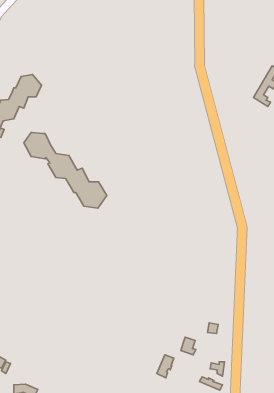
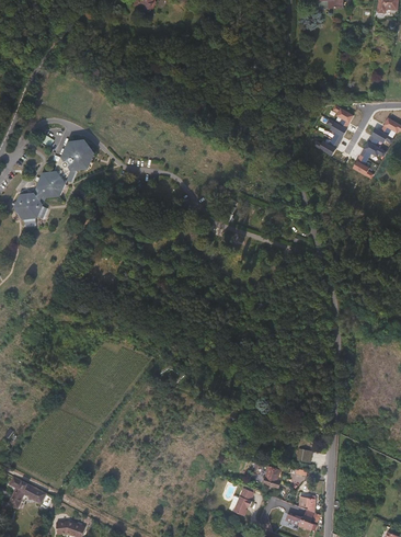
building: none -> [314,106,353,156]
building: [24,132,107,208] -> none

